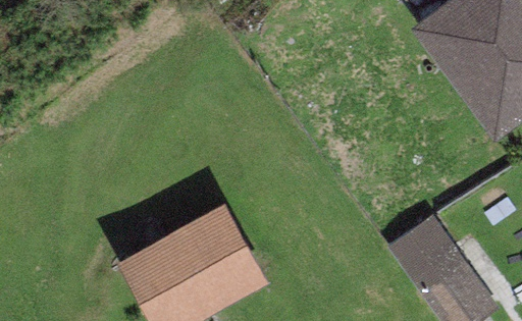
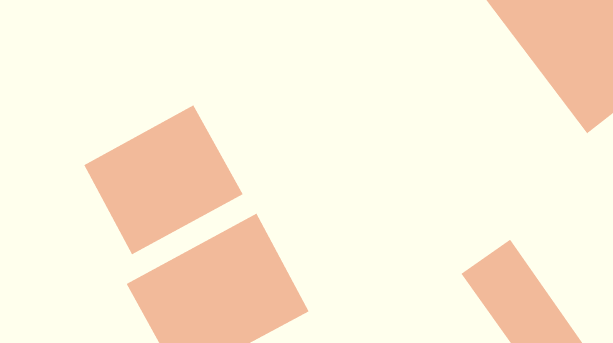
building: none -> [84,105,243,255]

